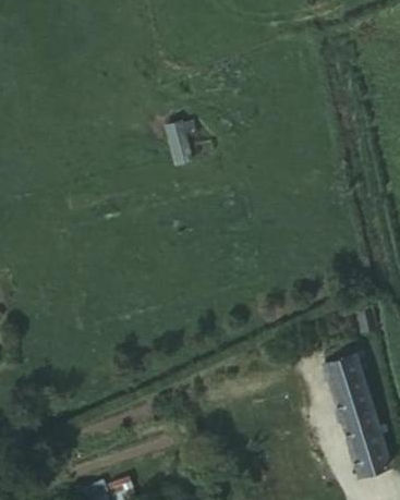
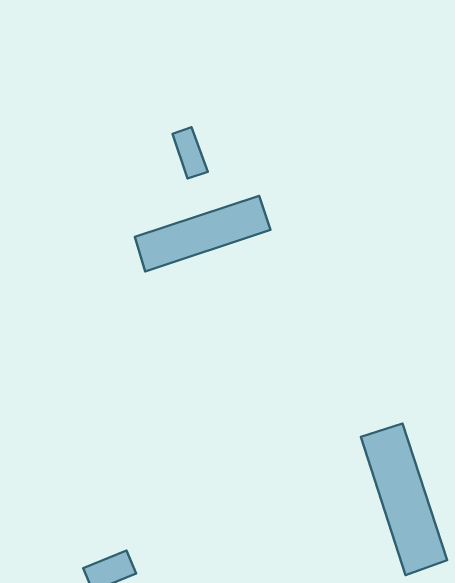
building: none -> [135,196,271,272]

